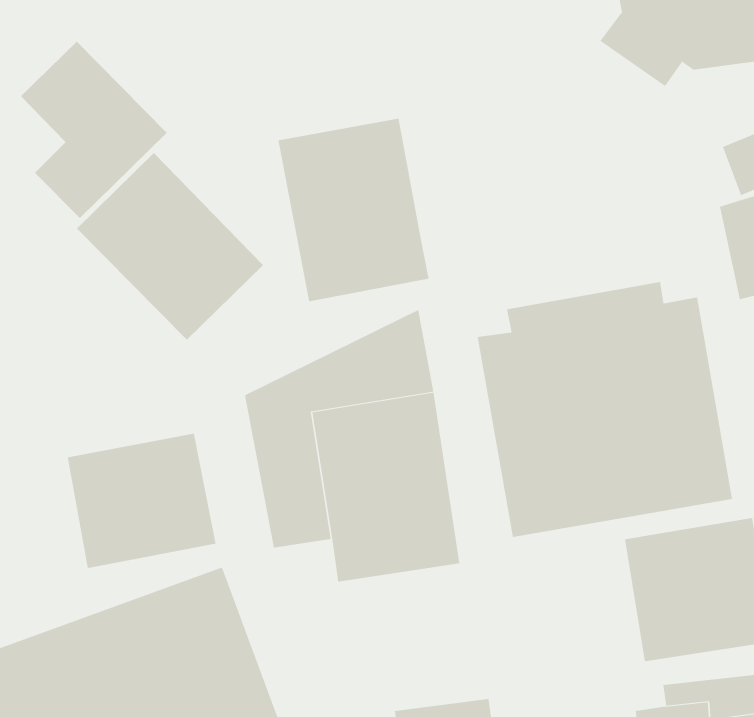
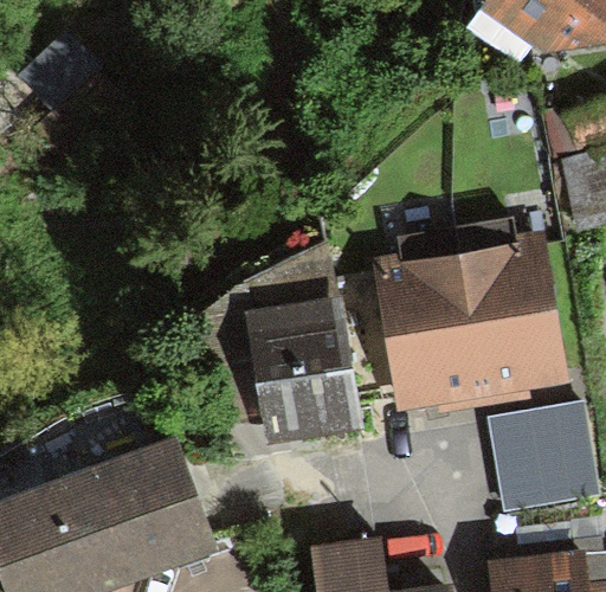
building: [278,118,429,302] -> none
building: [76,152,264,340] -> none
building: [67,433,216,569] -> none

